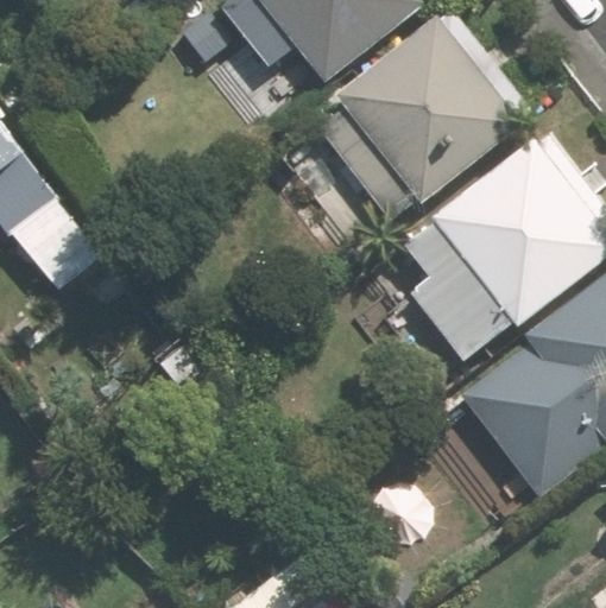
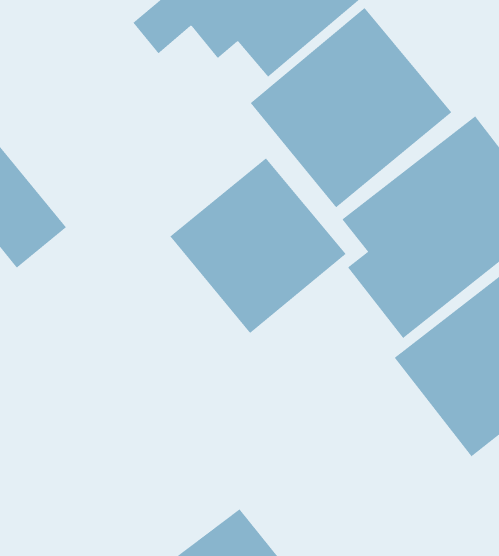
building: none -> [170,157,347,334]

